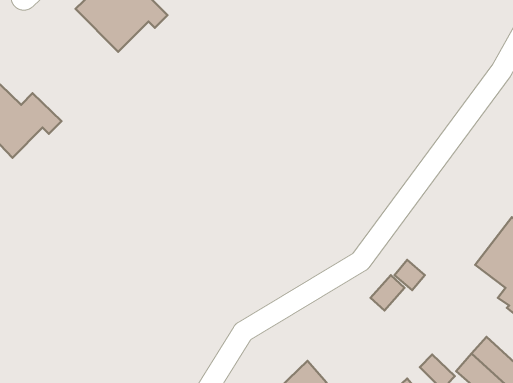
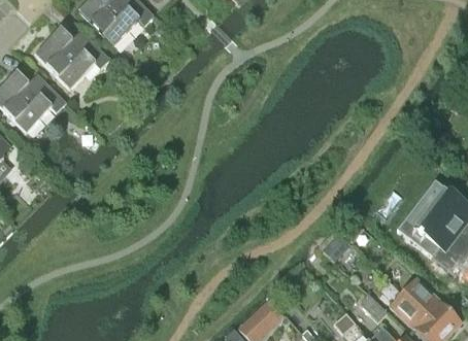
building: none -> [35,28,110,88]

